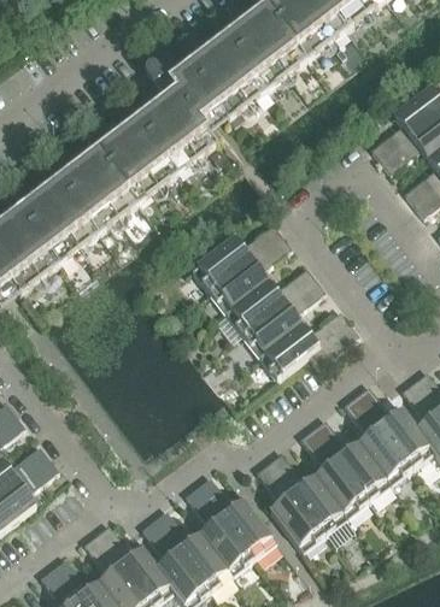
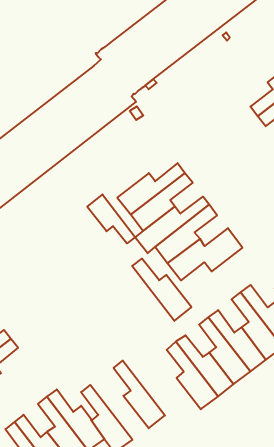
building: none -> [87,194,135,243]
building: [198,477,277,560] -> [132,259,191,321]
building: [154,509,233,593] -> none

